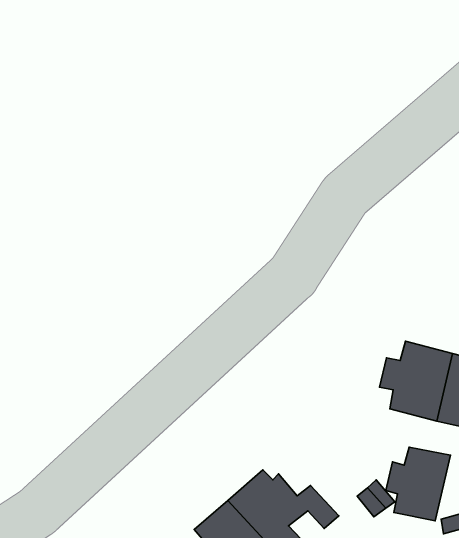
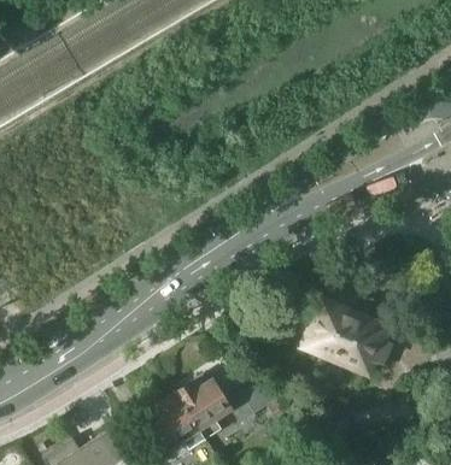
building: [386,447,451,521] -> none

